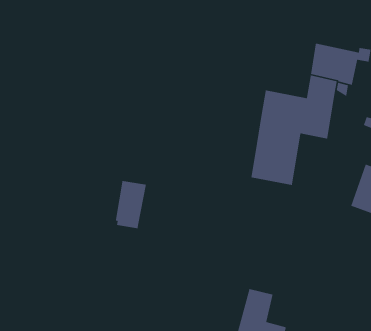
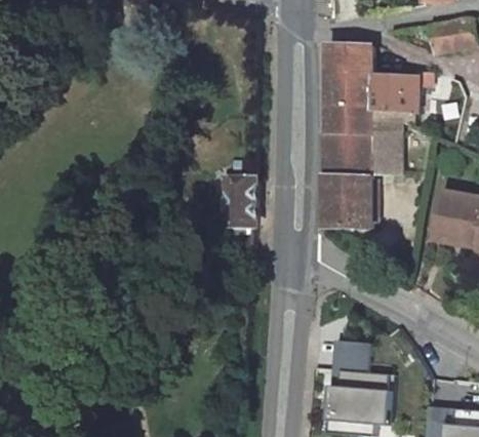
building: none -> [326,42,371,132]
building: [115,180,147,229] -> [228,178,254,227]

